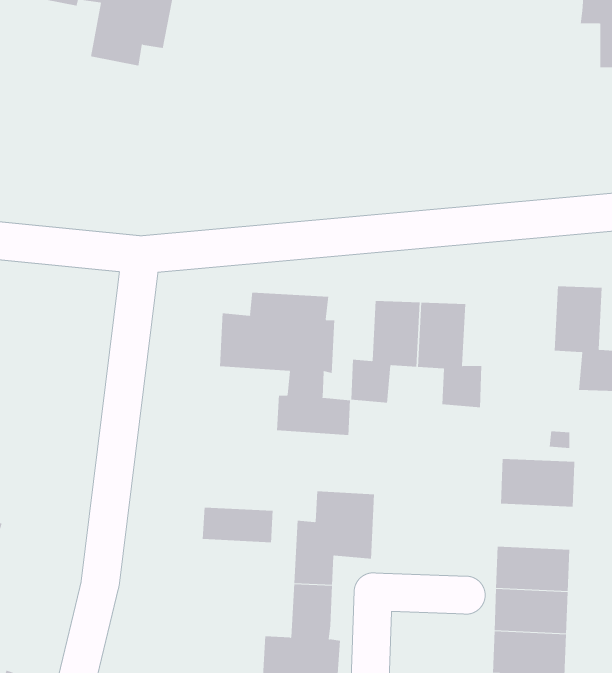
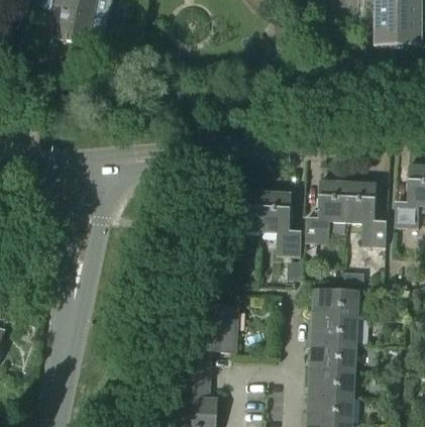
building: none -> [305,179,348,243]
building: [219,292,351,436] -> none
building: none -> [311,316,358,344]
building: [202,507,273,543] -> none

